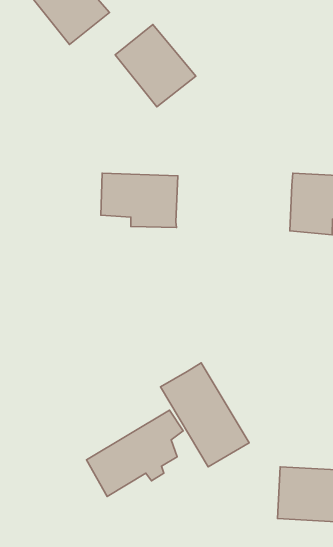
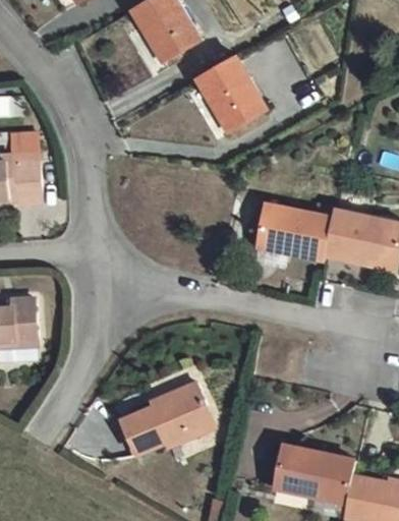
building: [101,173,178,228] -> [259,196,329,251]
building: [160,363,249,467] -> none

